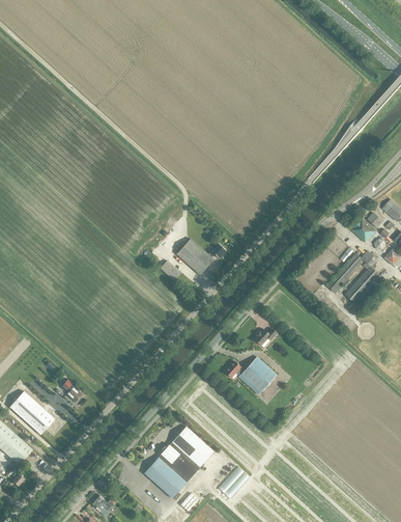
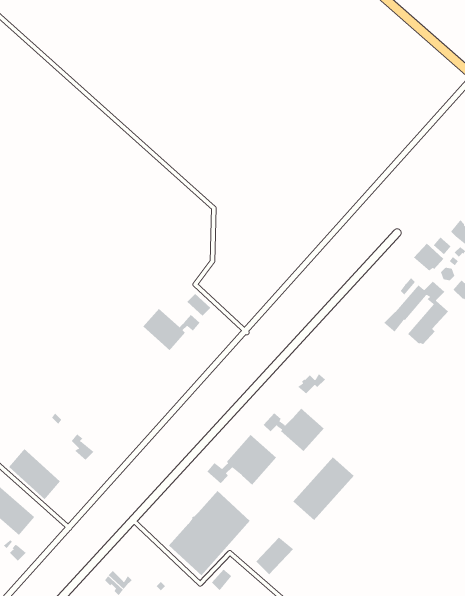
building: [176,239,225,275] -> [143,308,201,351]
building: none -> [207,434,277,485]
building: none -> [292,456,355,521]

